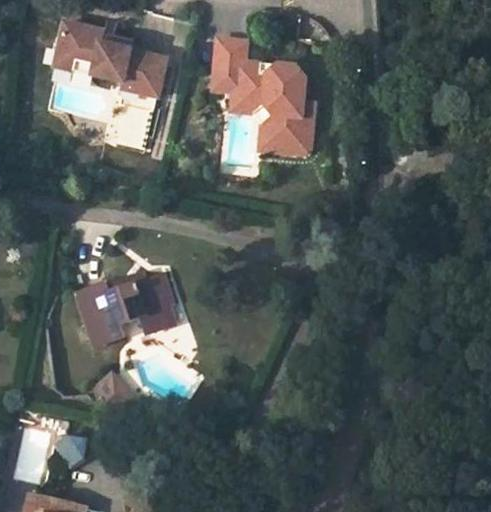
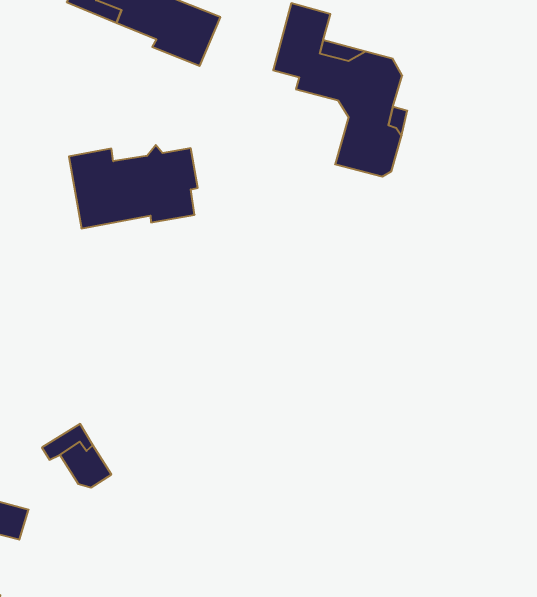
building: [229,101,272,151] -> none
building: [78,274,177,346] -> [69,145,198,228]

